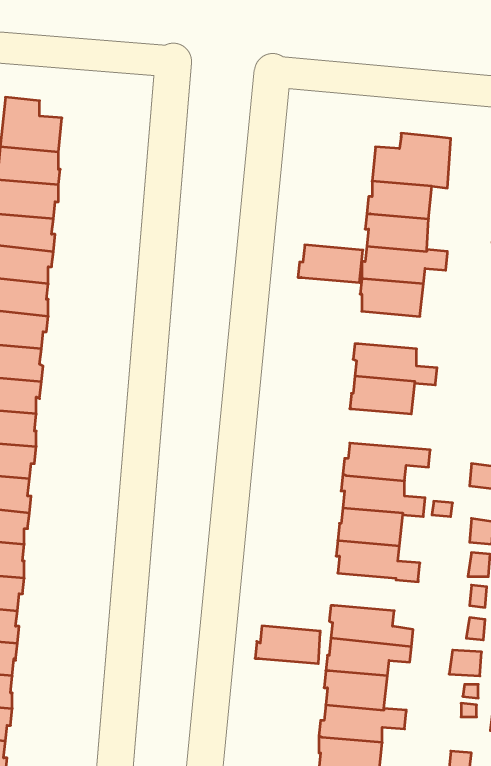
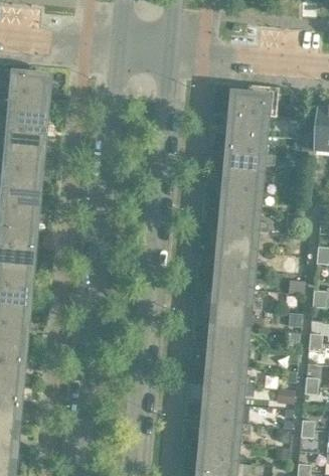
building: [298,245,363,283] -> [219,189,258,211]
building: none -> [215,247,265,271]
building: [255,626,320,664] -> [205,343,243,365]

